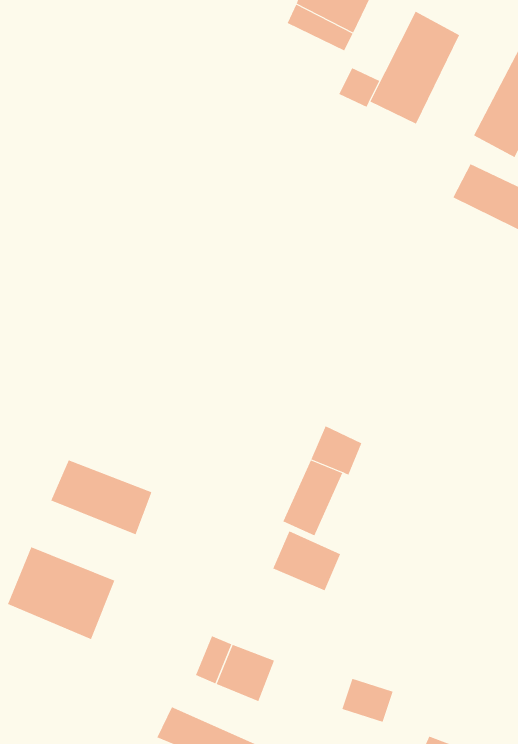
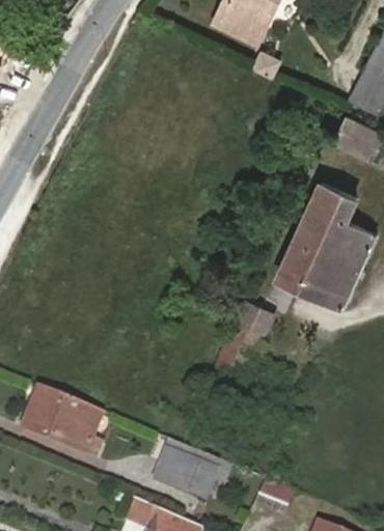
building: [370,11,460,124] -> none
building: none -> [277,183,375,305]
building: [51,460,152,535] -> none
building: [272,531,341,591] -> none

